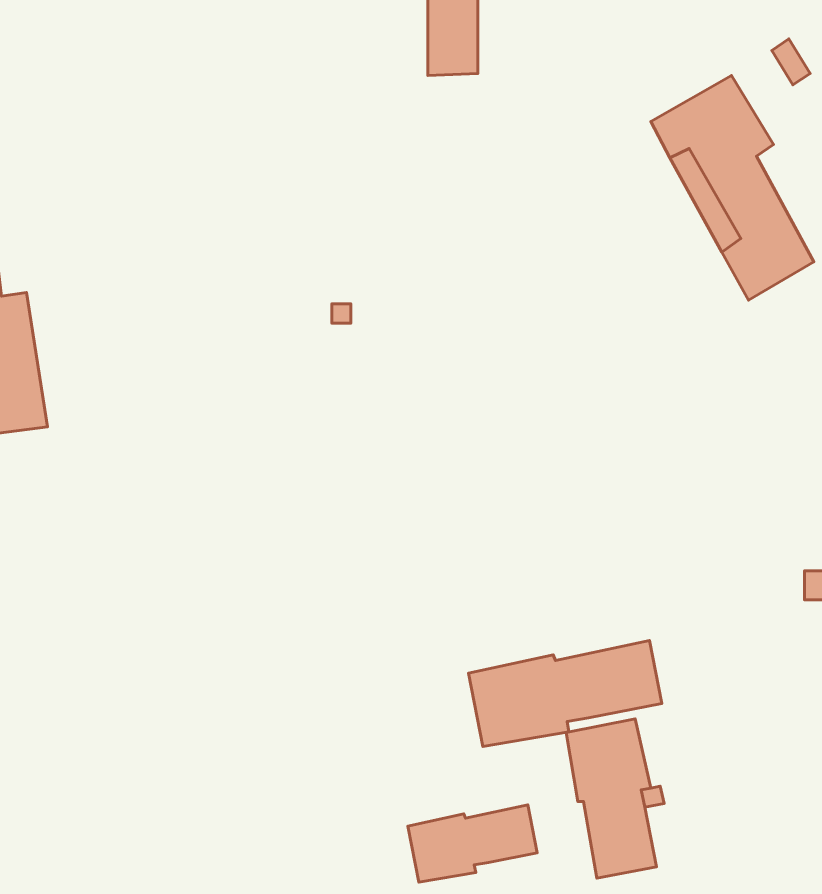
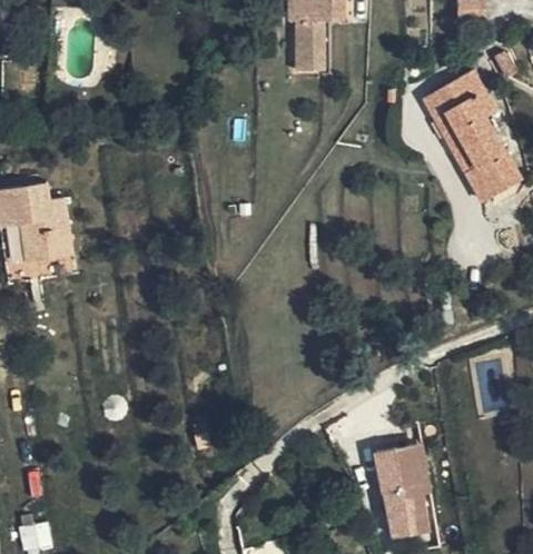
building: [469,641,662,746] -> none
building: [408,805,537,882] -> none

